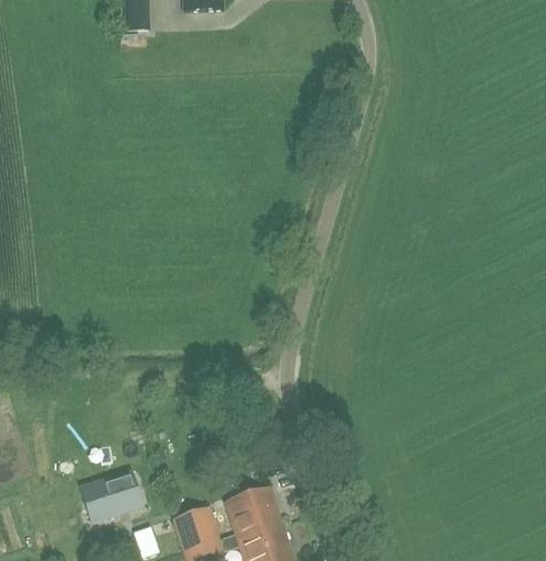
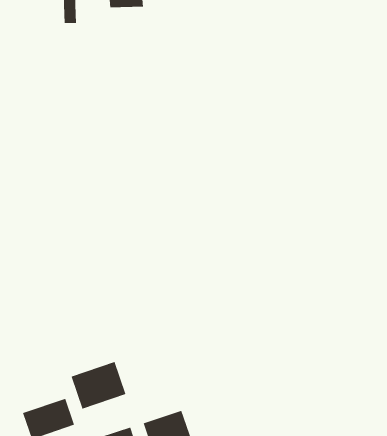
building: none -> [71,361,126,409]

